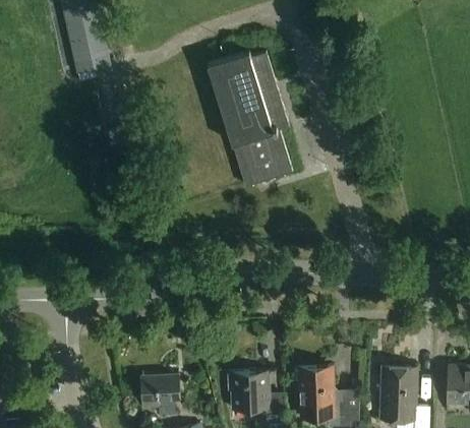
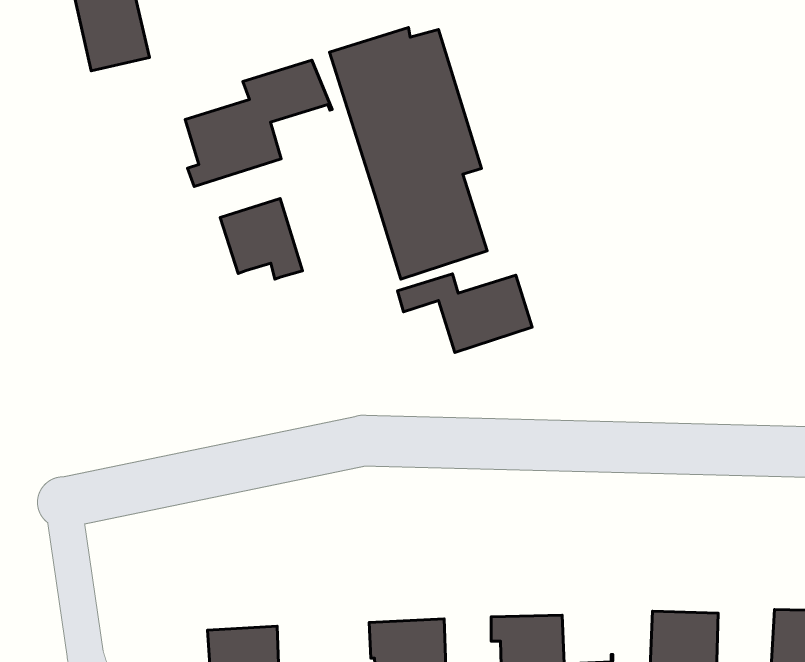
building: none -> [185,60,332,186]
building: none -> [220,199,302,279]
building: none -> [398,274,532,352]

